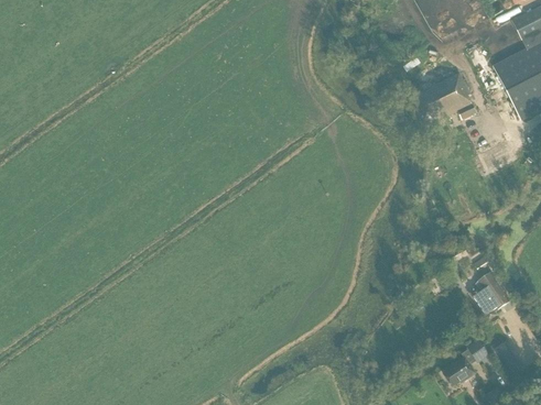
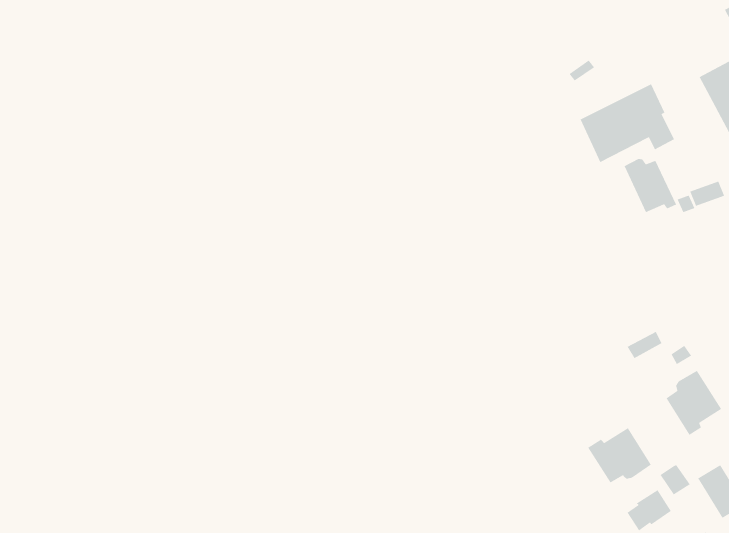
building: none -> [624,158,677,213]
building: none -> [587,427,652,483]

